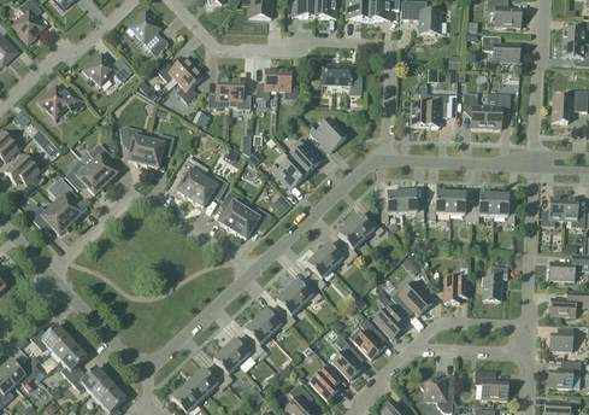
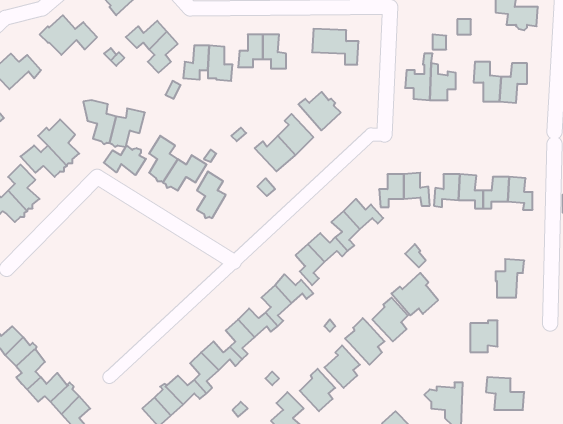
building: none -> [104,145,146,175]
building: [232,207,270,239] -> none
building: [443,275,467,303] -> [470,321,498,352]

